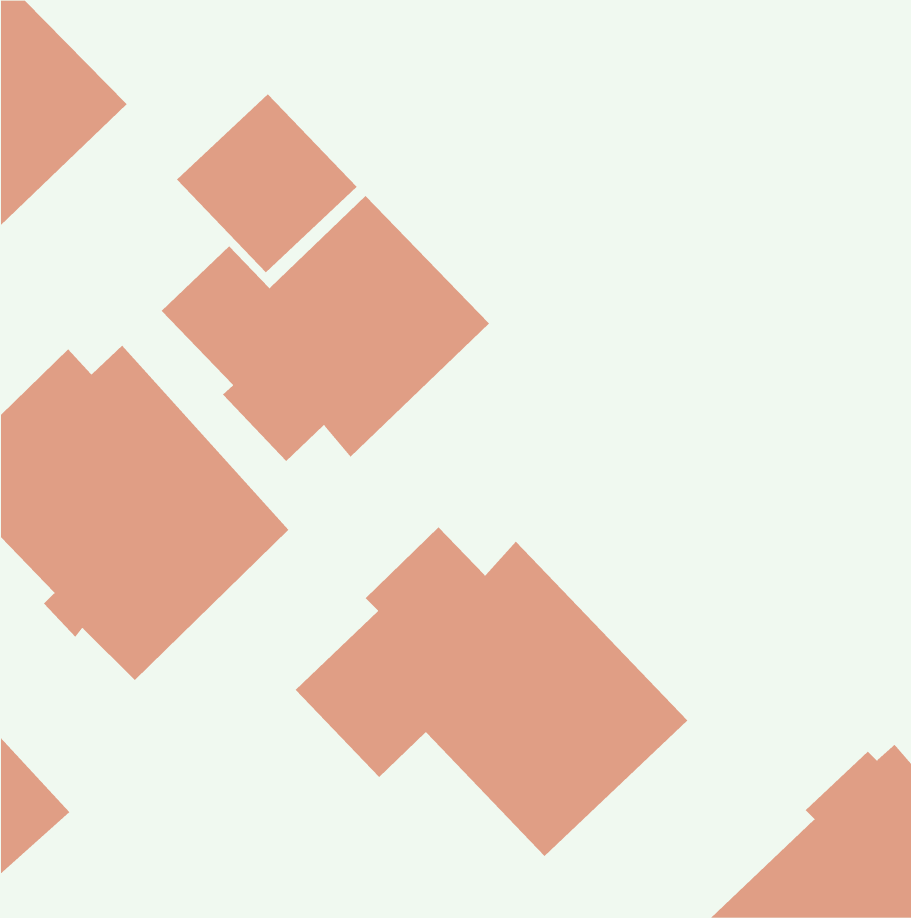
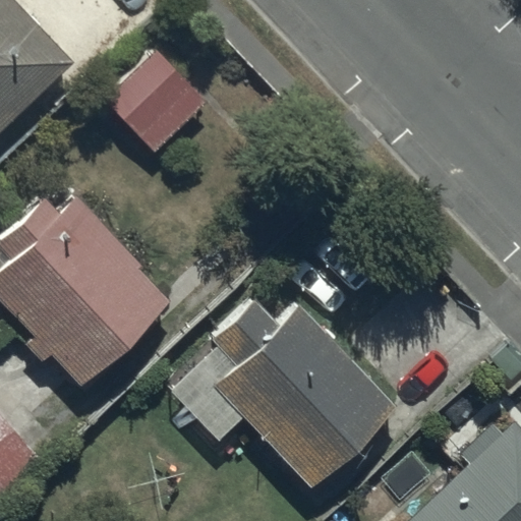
building: [161,195,490,462] -> none

